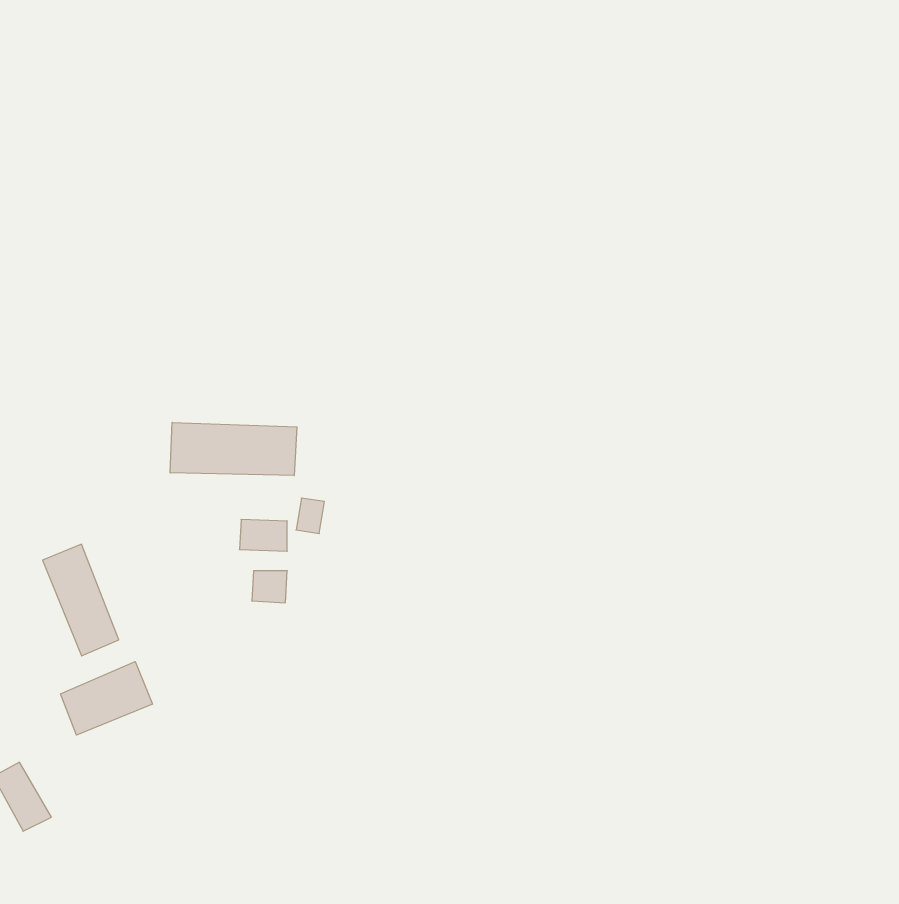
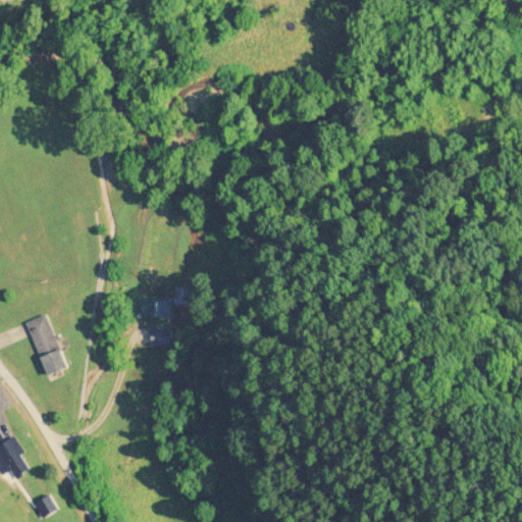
building: [170,422,297,476] -> none
building: [60,662,152,735] -> none

